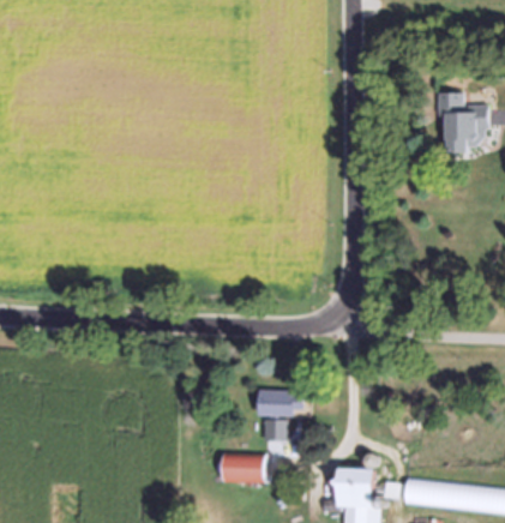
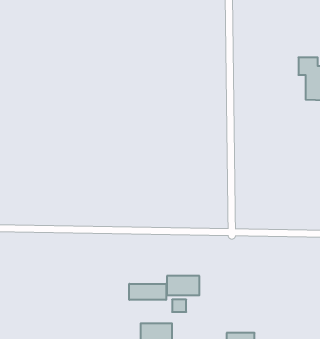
building: none -> [129,284,166,300]

